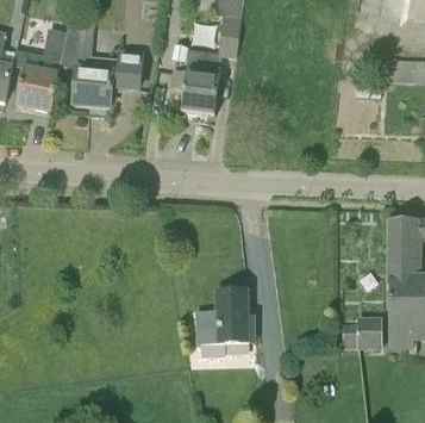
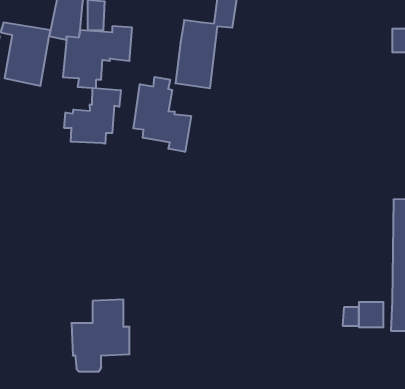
building: none -> [133,77,191,152]
building: none -> [64,88,121,144]
building: [196,288,252,357] -> [71,300,130,371]

